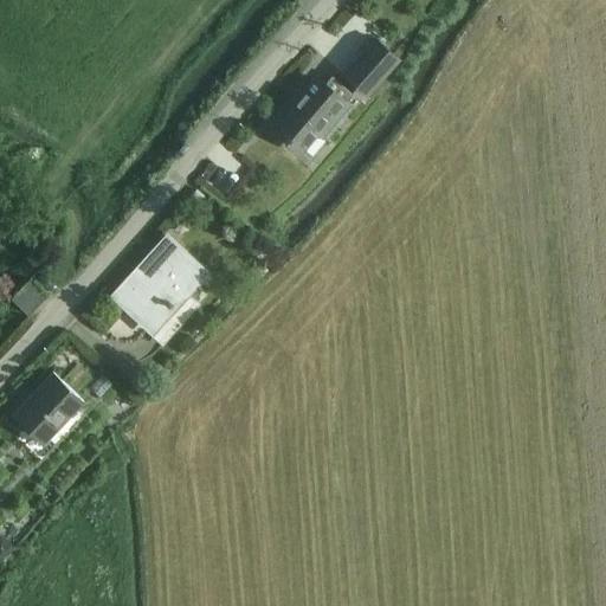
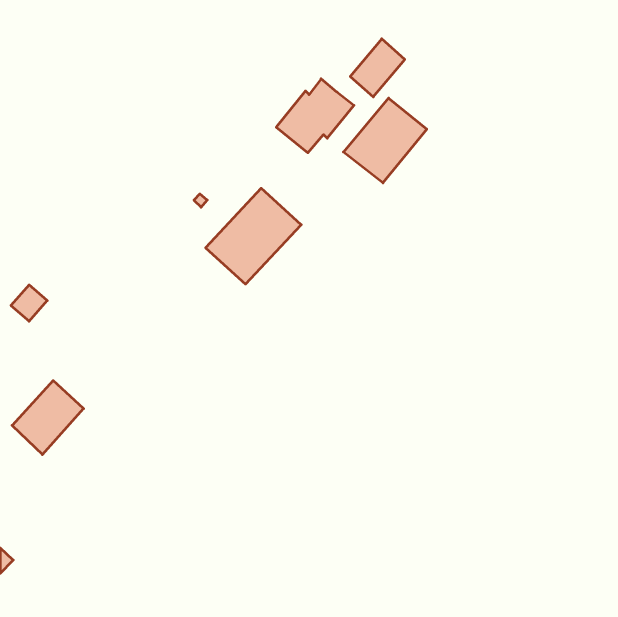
building: none -> [343,98,427,183]
building: [112,239,206,333] -> [206,188,301,284]

